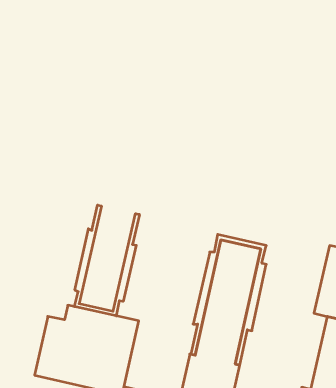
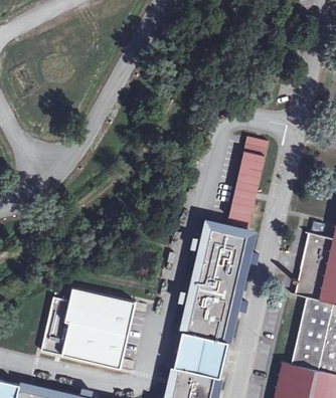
building: none -> [225,137,267,229]
building: [74,205,139,316] -> none

